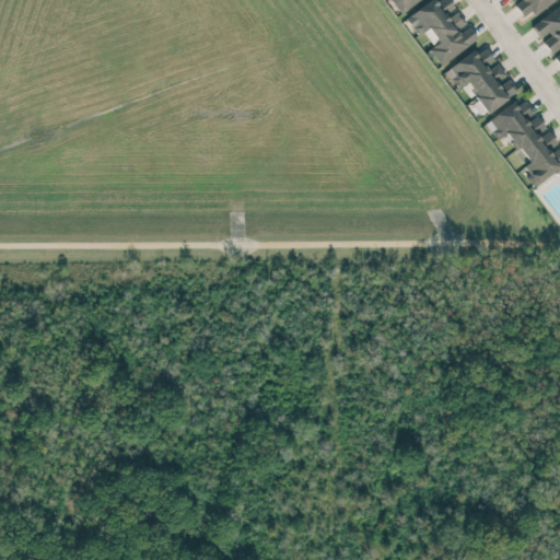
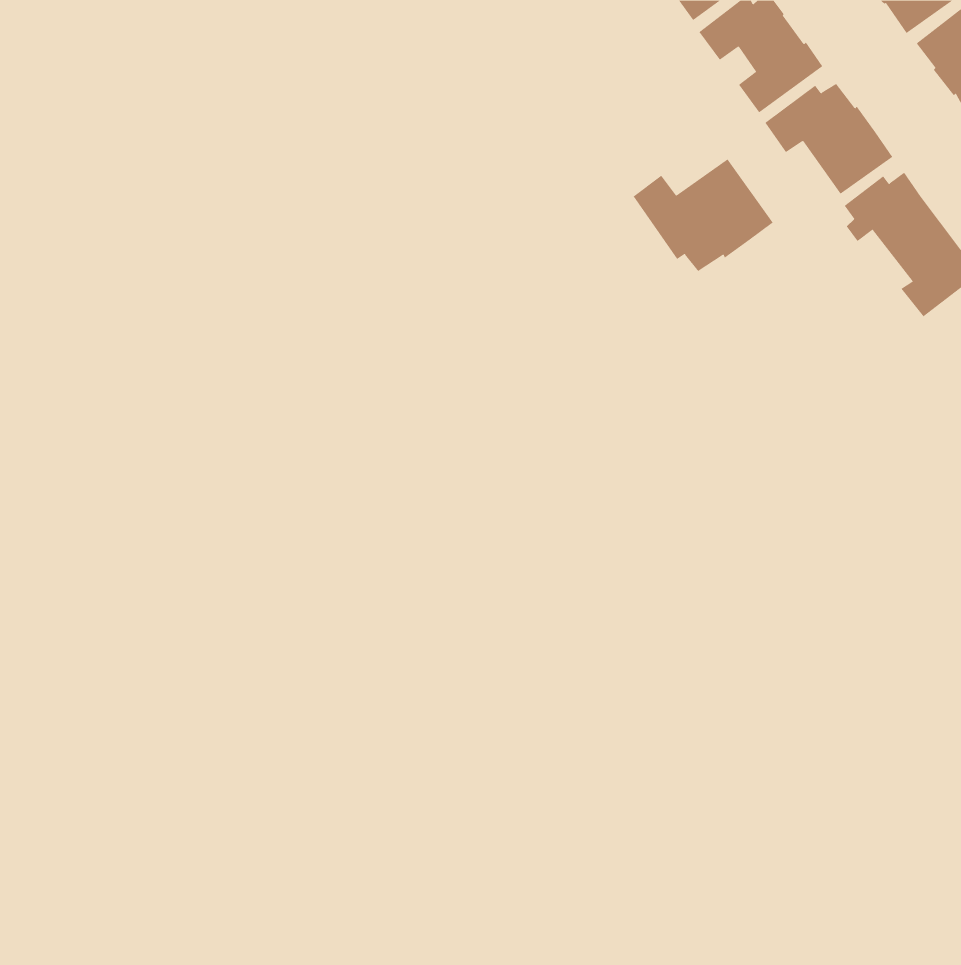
building: none -> [633,158,773,272]

